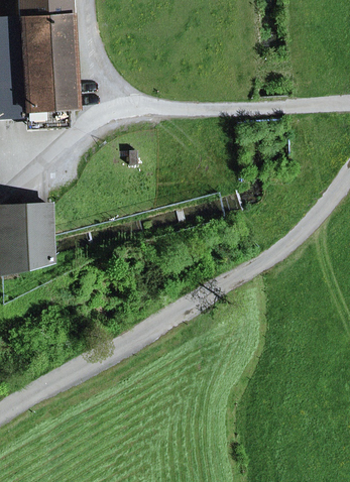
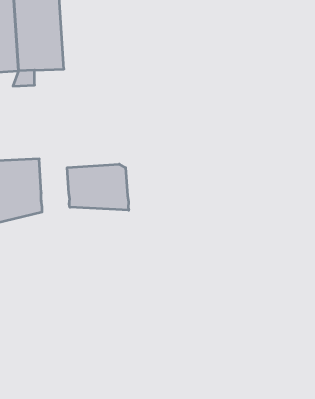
building: none -> [67,164,129,210]

